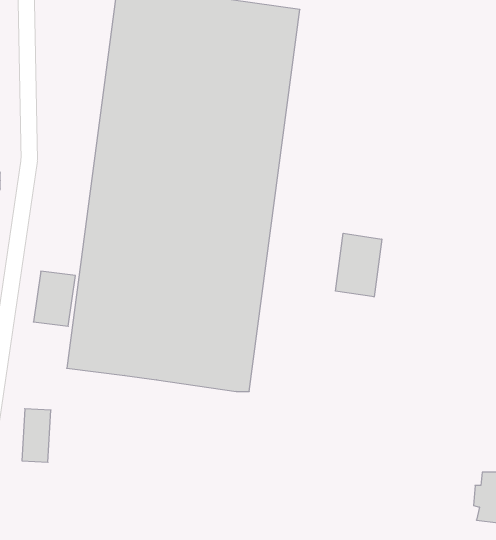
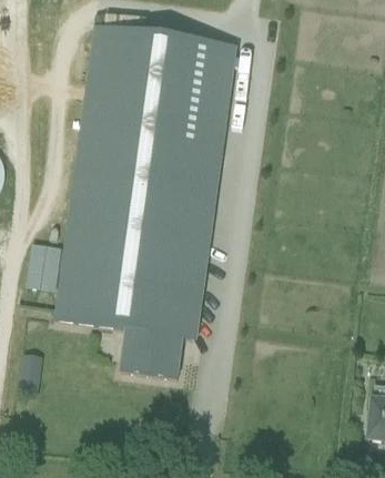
building: [336,233,382,297] -> none
building: none -> [118,327,184,377]

